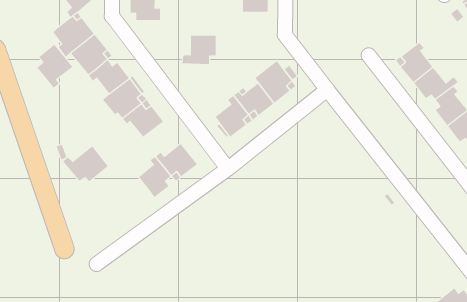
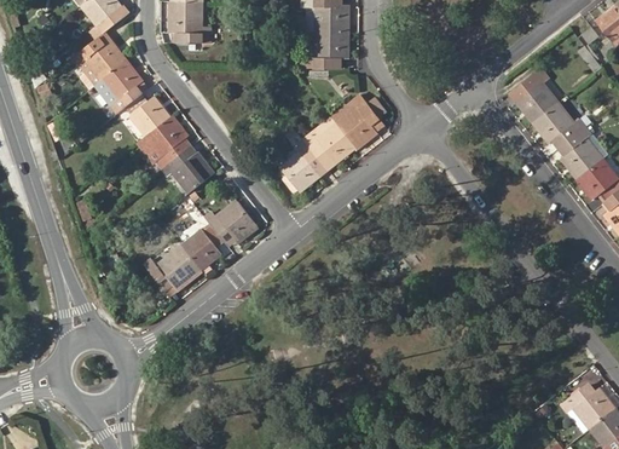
building: [182,35,217,64] -> [303,31,348,69]
building: [37,44,73,88] -> none
building: [62,146,109,182] -> [143,243,202,290]

